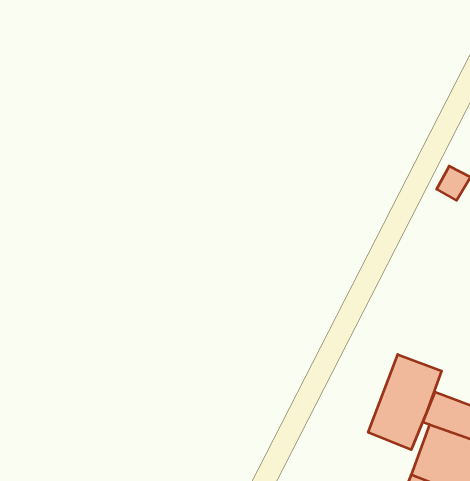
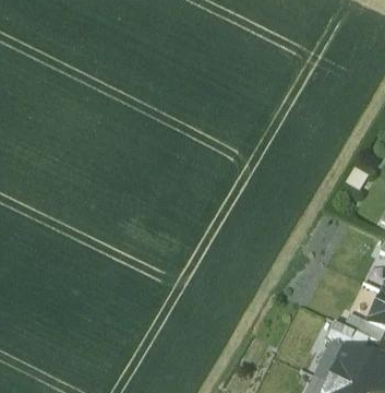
building: [368,354,442,450] -> none

